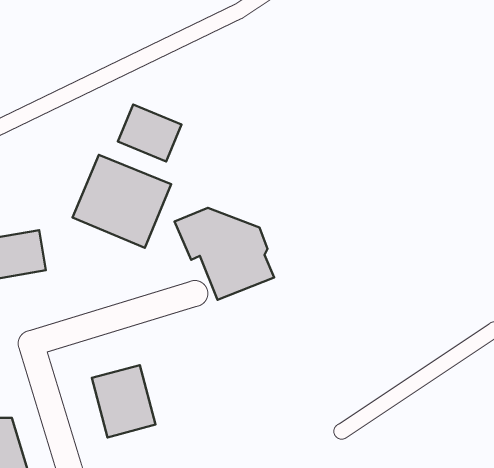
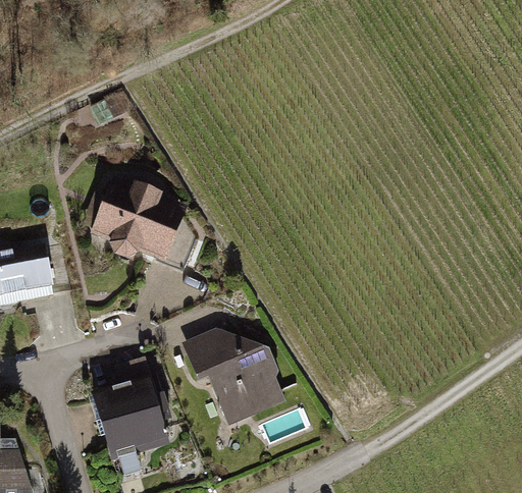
building: [118,104,182,162] -> none
building: [174,208,274,300] -> [181,329,285,425]

